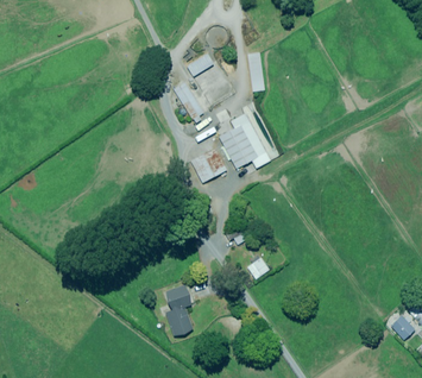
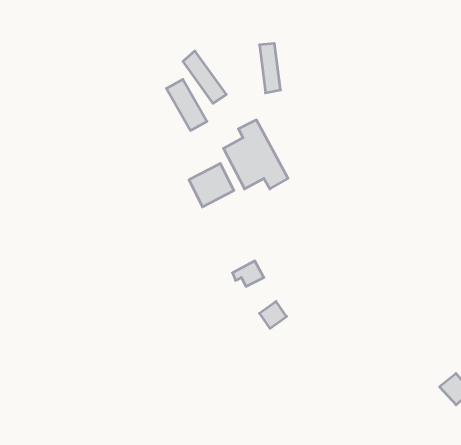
building: [164,284,193,335] -> none

